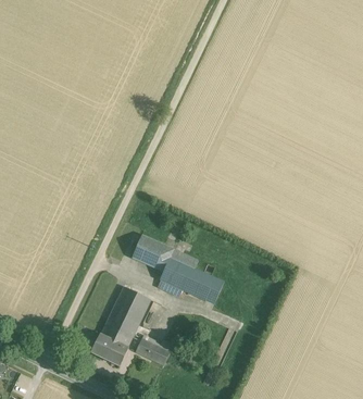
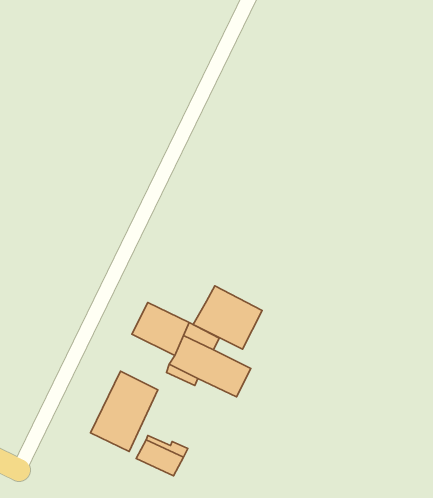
building: none -> [193,286,262,349]
building: [91,333,129,366] -> none

